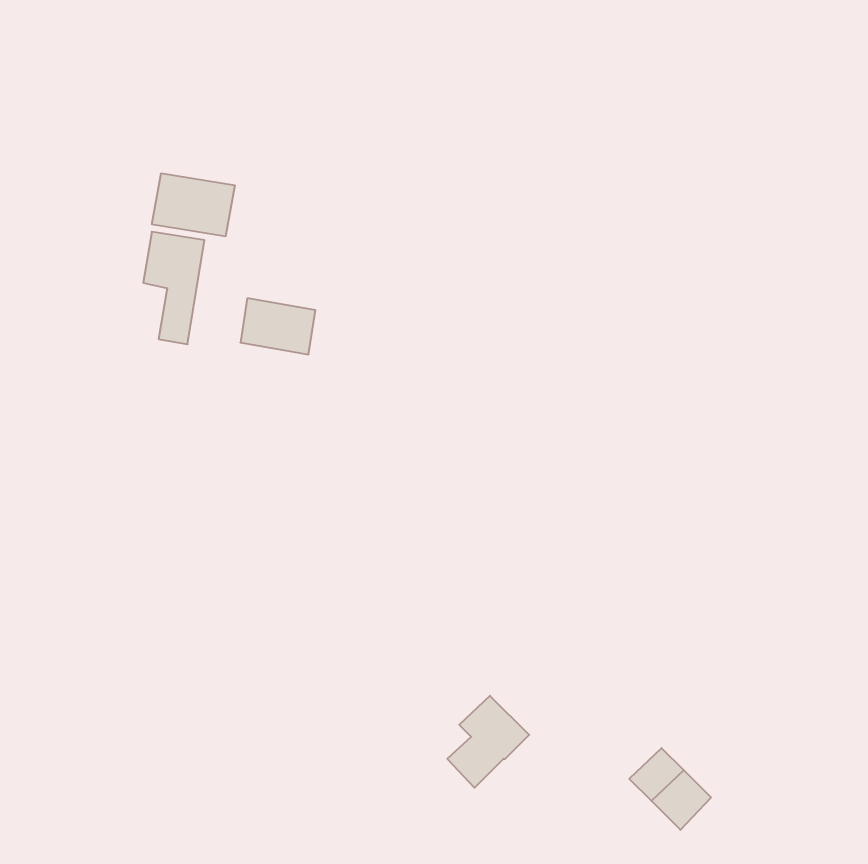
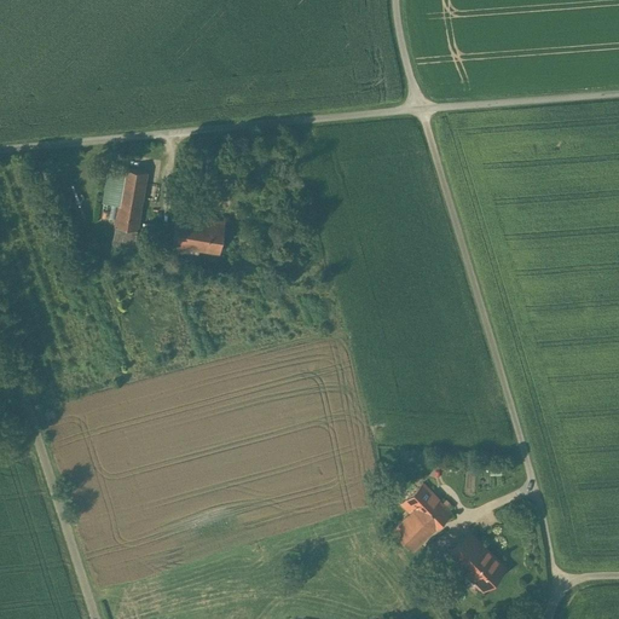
building: [152,173,235,236] -> none
building: [447,696,529,788] -> [394,488,452,554]

